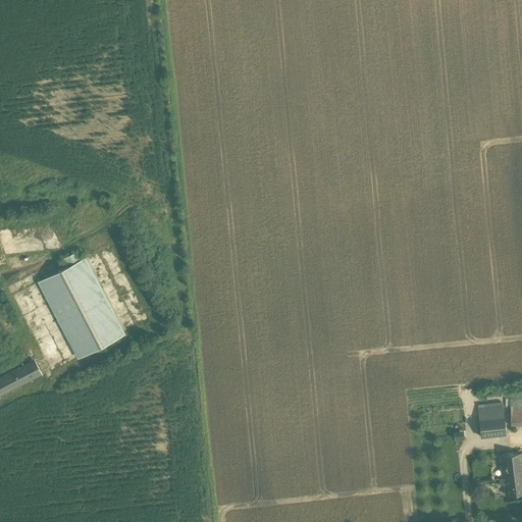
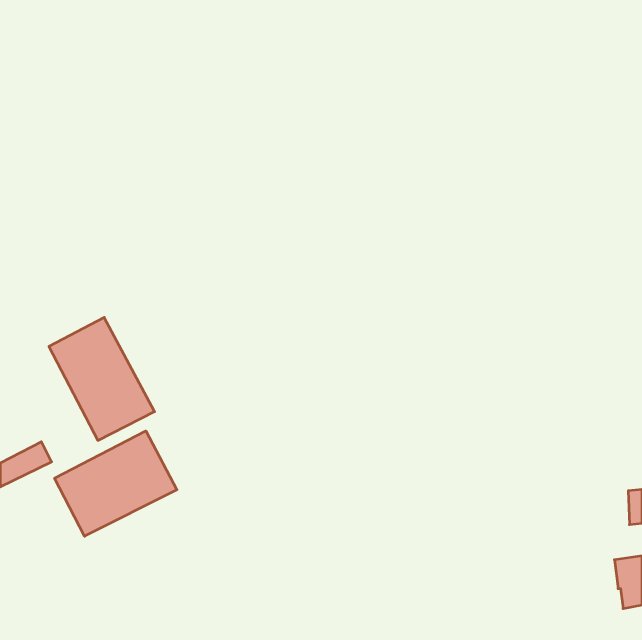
building: none -> [55,431,177,536]
building: [478,406,506,438] -> none

